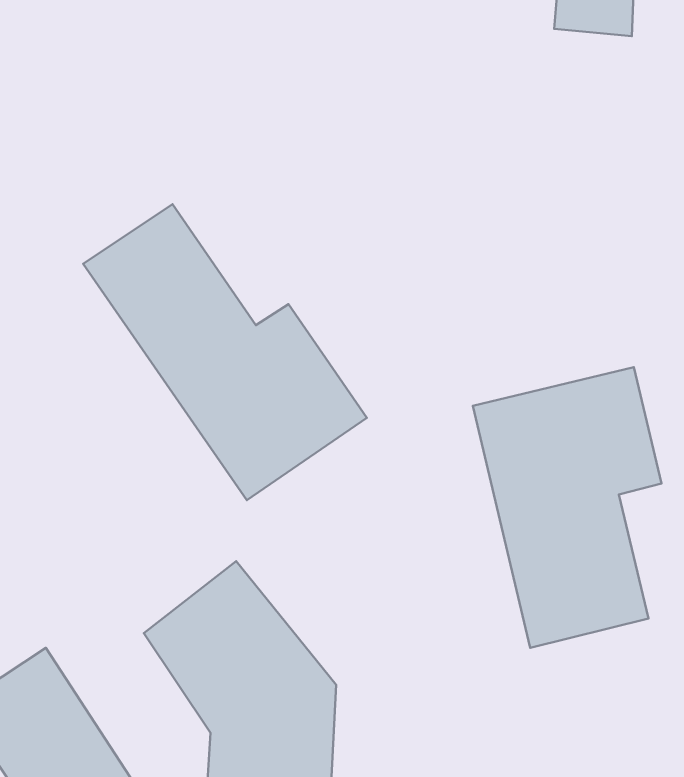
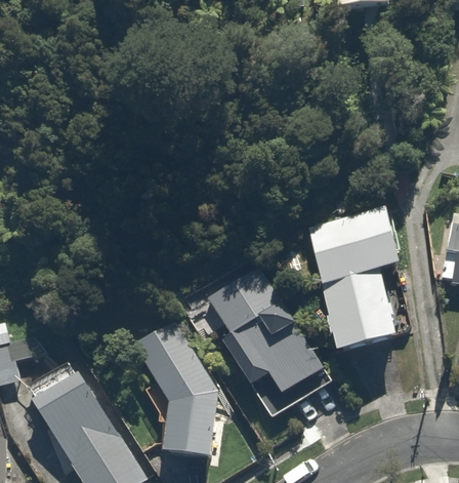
building: [83,204,367,500] -> none
building: none -> [199,259,331,403]

